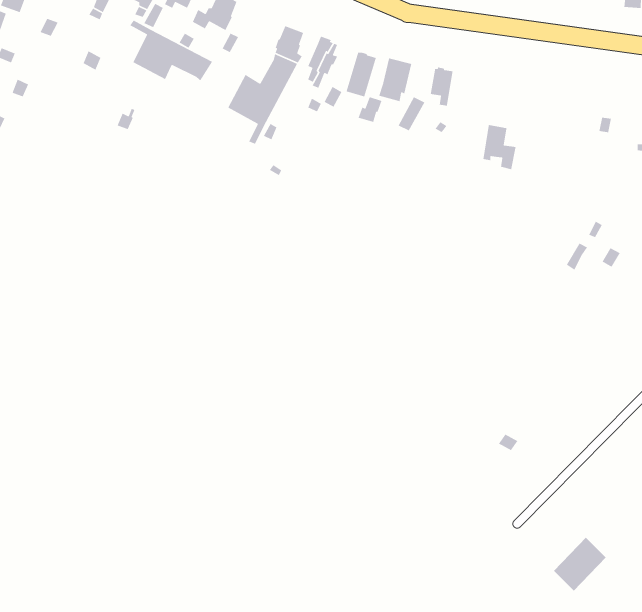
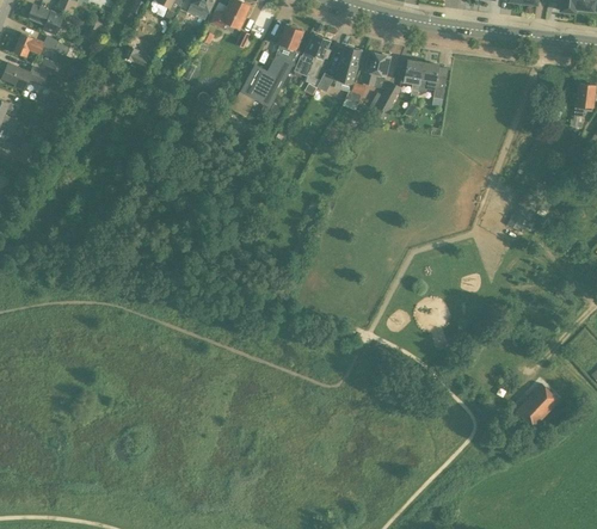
building: [129,19,213,82] -> none
building: [482,124,516,170] -> [418,61,445,98]
building: [553,537,606,591] -> [516,382,559,426]

